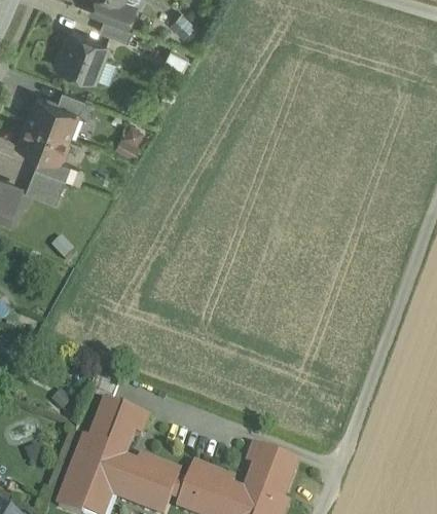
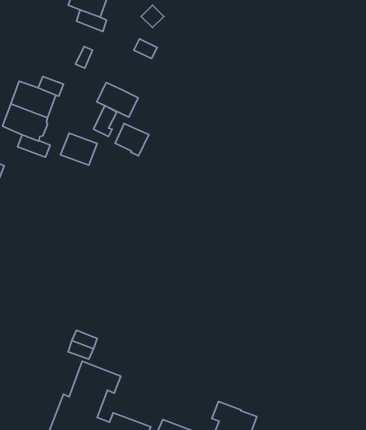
building: [57,29,107,78] -> none
building: none -> [97,83,138,117]
building: none -> [115,124,149,156]
building: [26,167,66,201] -> [61,133,97,165]

